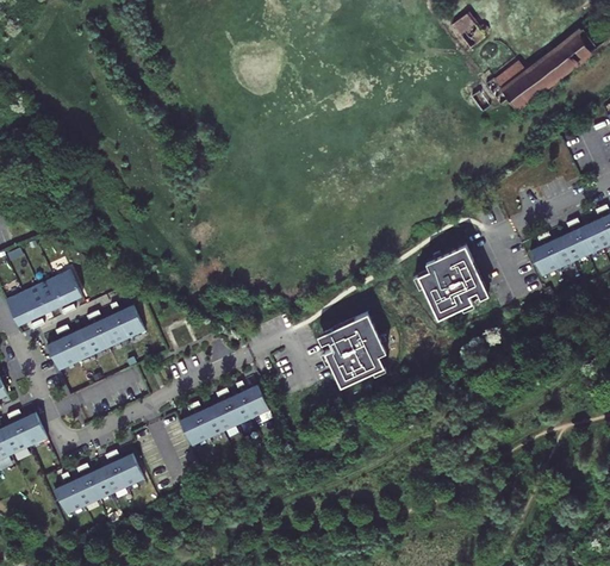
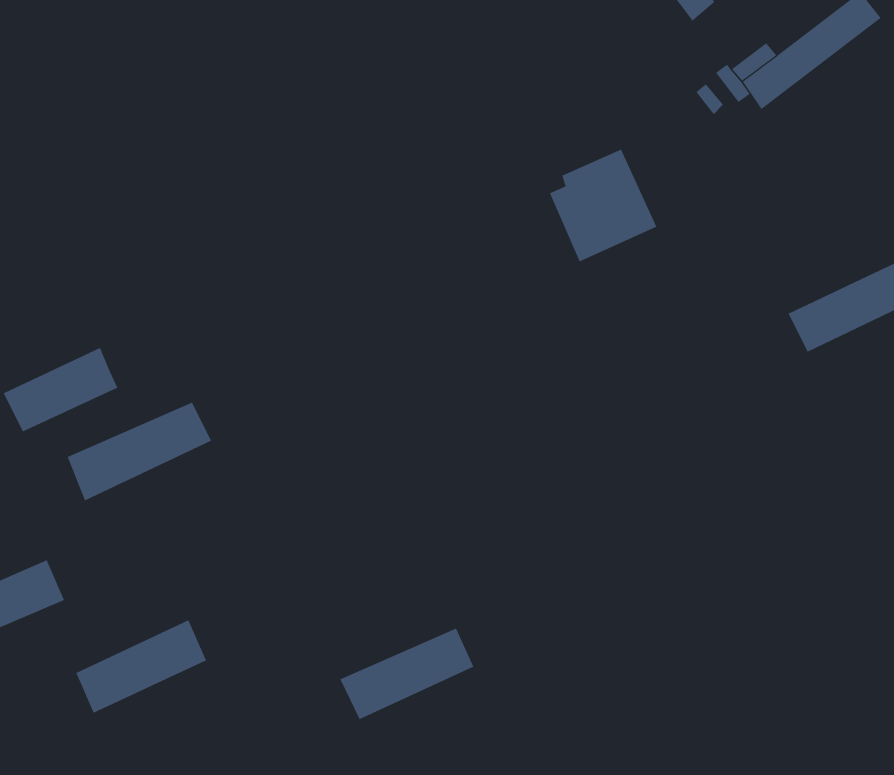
building: [416,242,488,318] -> [549,149,657,262]
building: [316,309,384,382] -> none
building: [179,385,269,447] -> [340,628,474,720]

